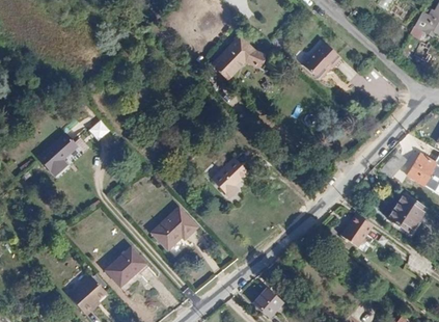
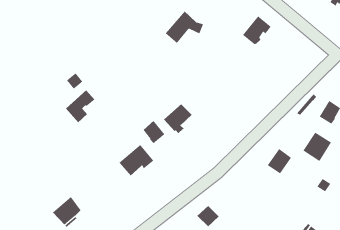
building: [40,133,79,176] -> [65,90,95,123]
building: none -> [143,120,165,144]
building: [105,248,144,288] -> none

